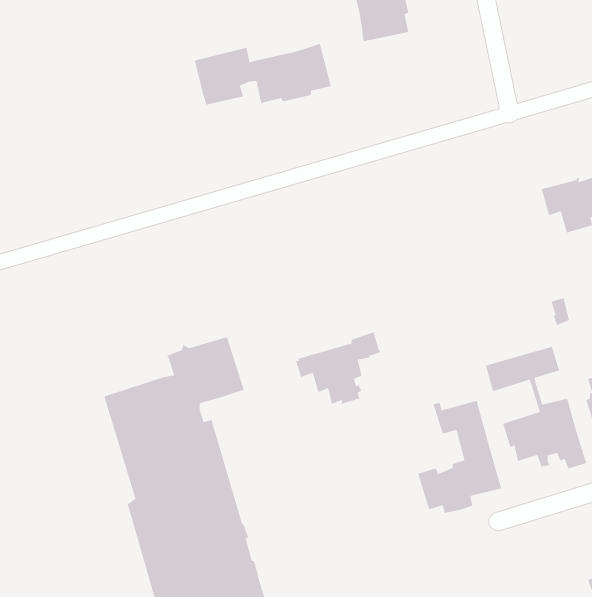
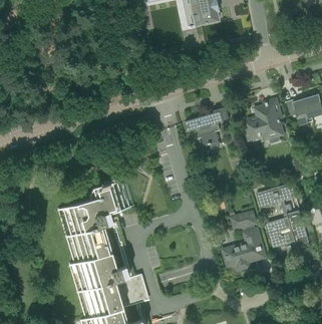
building: [194,43,332,105] -> none
building: none -> [245,98,284,143]
building: [295,331,382,405] -> [185,106,230,144]

